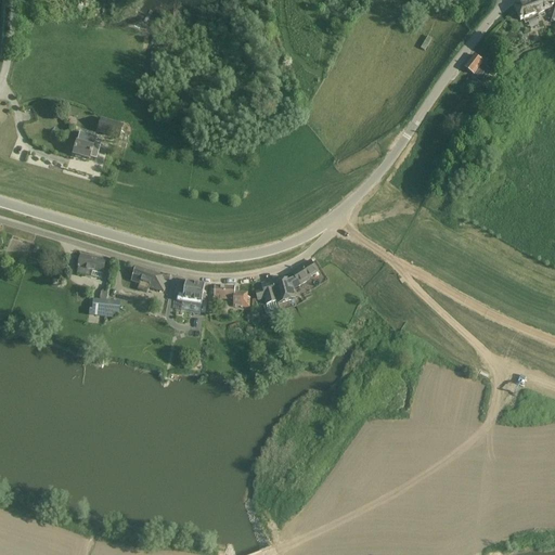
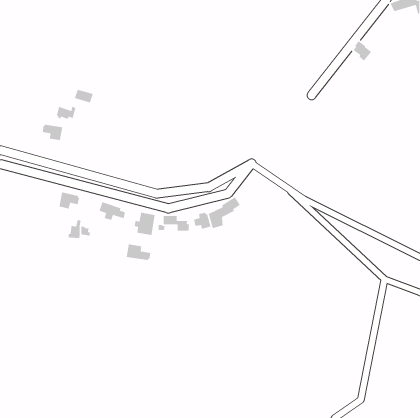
building: none -> [42,124,63,141]
building: none -> [126,243,151,261]

